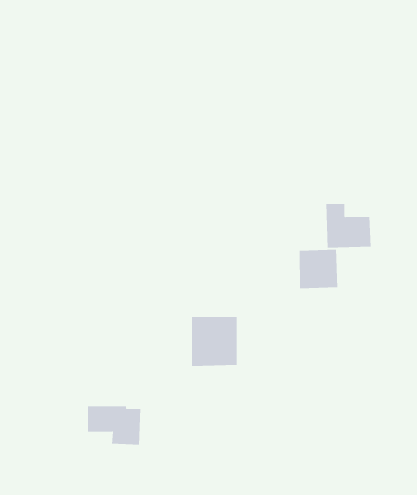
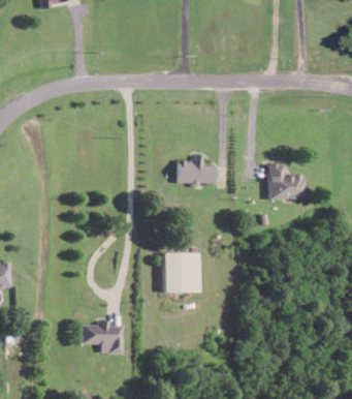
building: none -> [174,155,215,185]
building: [299,249,338,289] -> none

